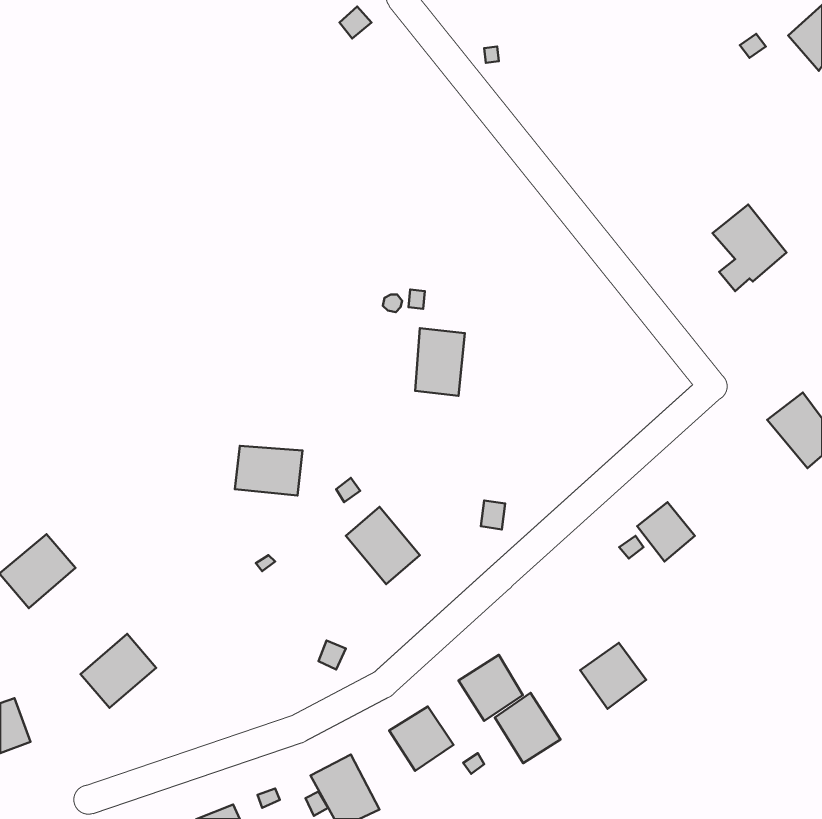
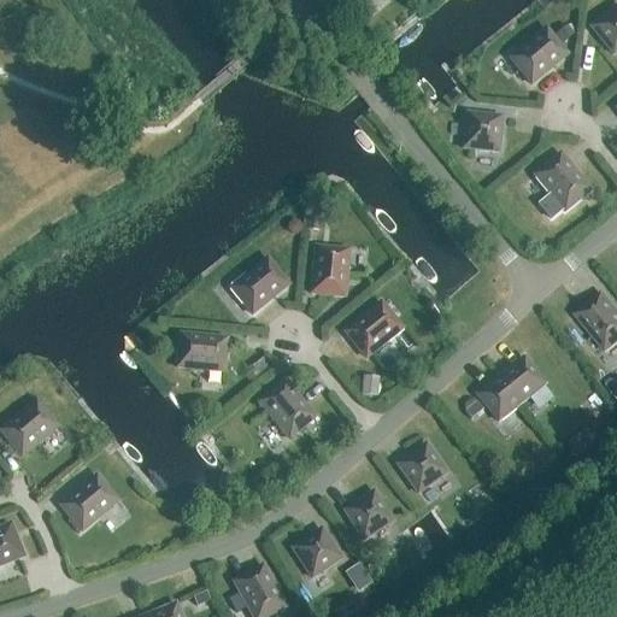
building: none -> [510,28,566,83]
building: none -> [463,113,501,151]
building: none -> [230,258,288,313]
building: none -> [345,301,401,357]
building: none -> [500,357,545,401]
building: [580,643,646,709] -> [396,443,446,493]
building: [495,693,560,763] -> none

